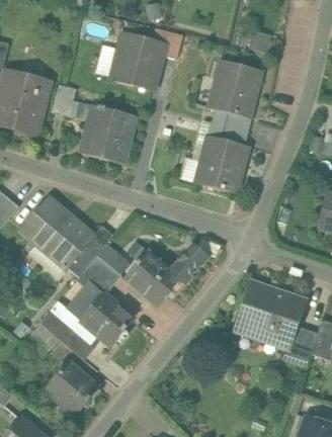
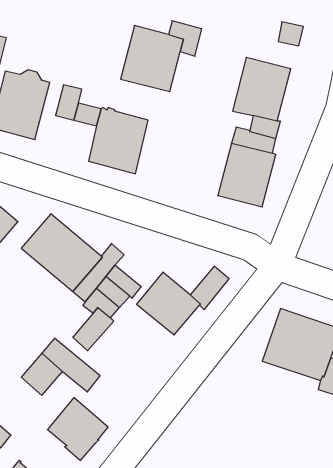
building: [80,292,133,345] -> none

